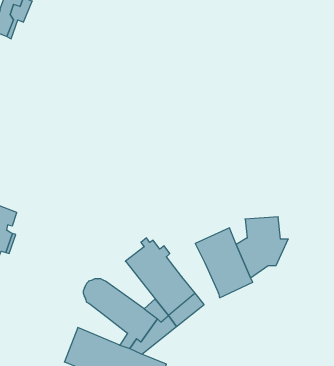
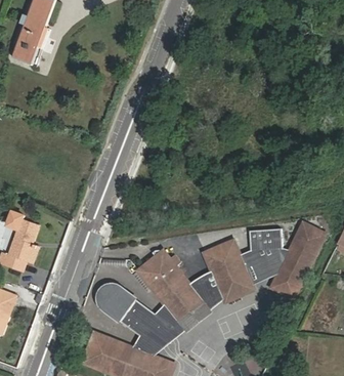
building: none -> [269,221,325,299]
building: none -> [189,271,223,309]

